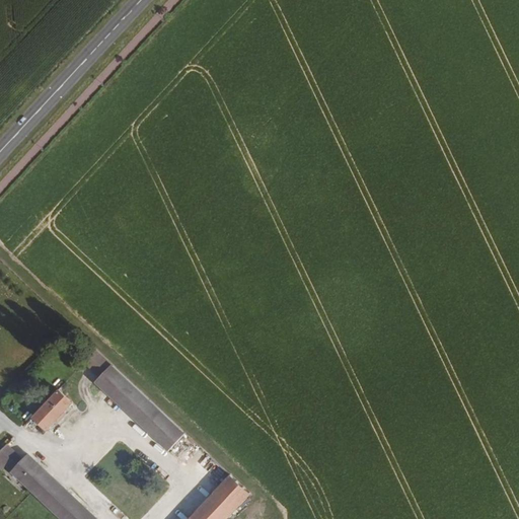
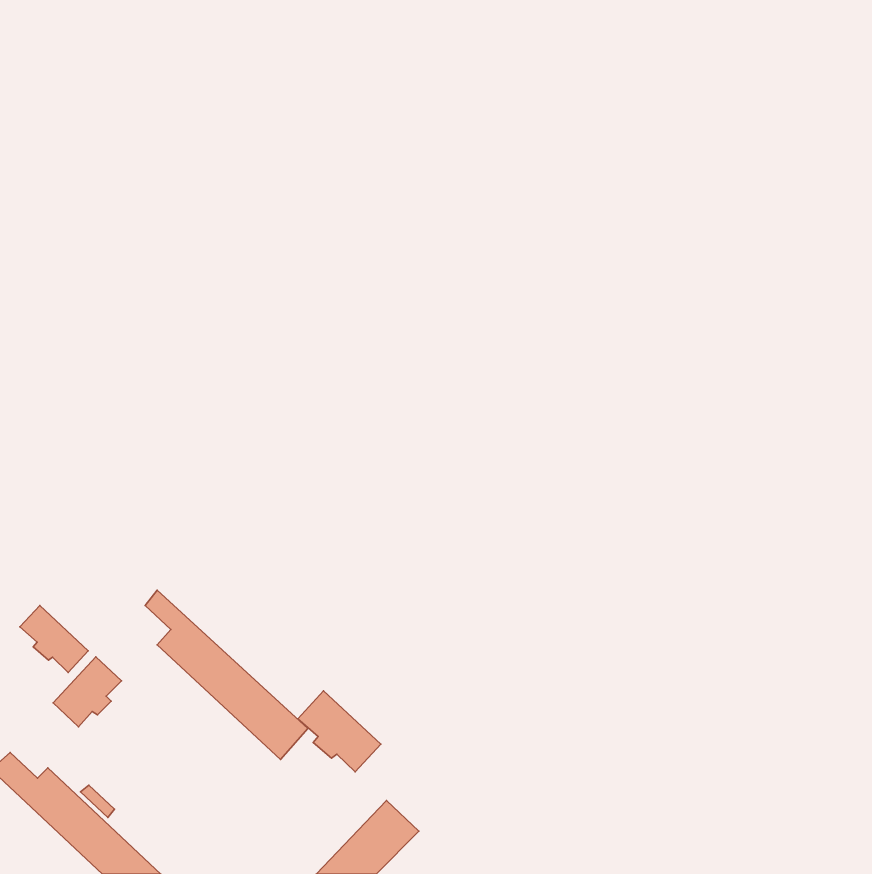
building: none -> [20,606,88,672]
building: none -> [298,691,381,772]

